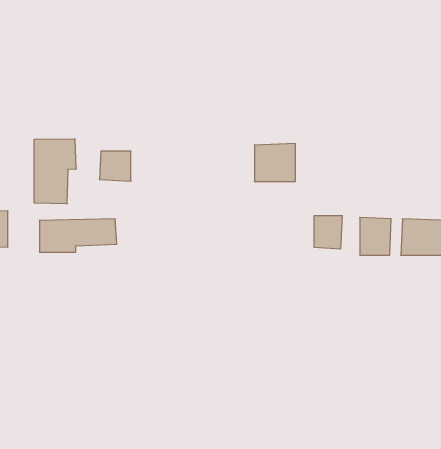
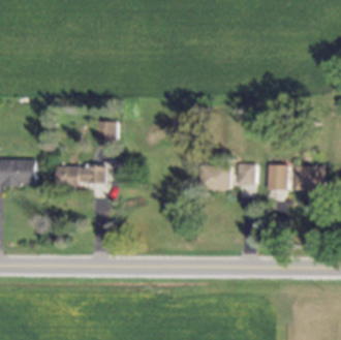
building: [34,139,76,204] -> none
building: [254,144,295,181] -> [204,165,230,190]

